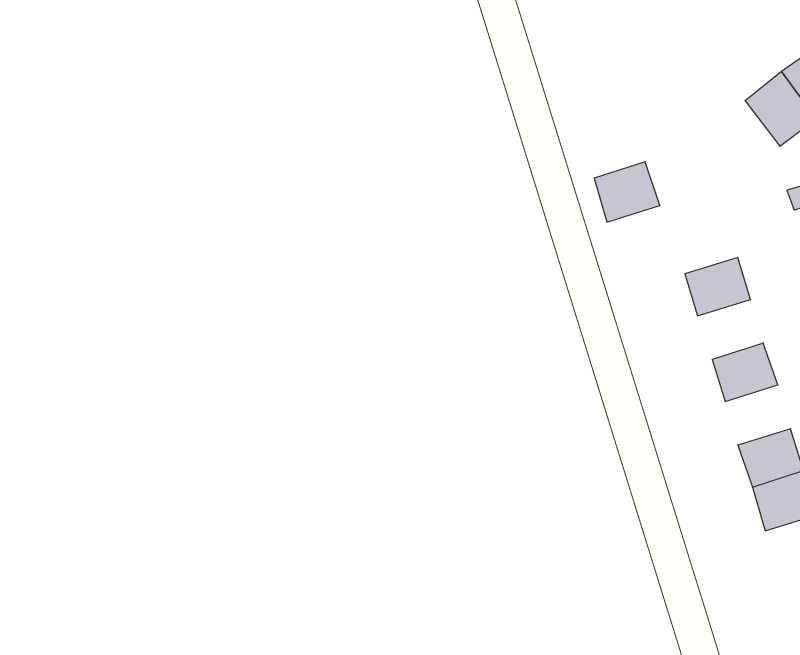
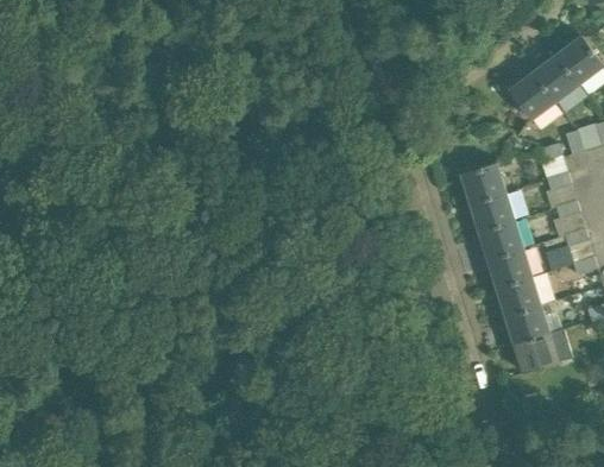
building: [594,162,660,222] -> [461,164,504,203]
building: none -> [478,220,521,259]
building: none -> [496,276,539,315]

